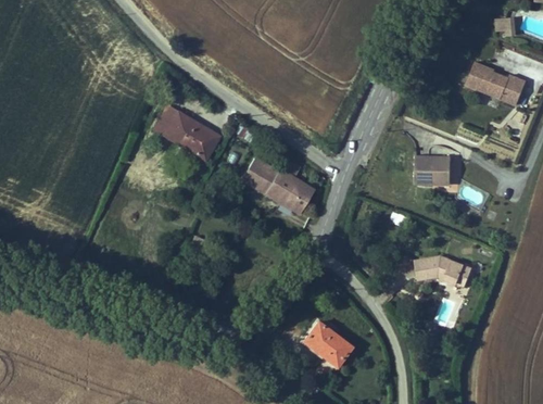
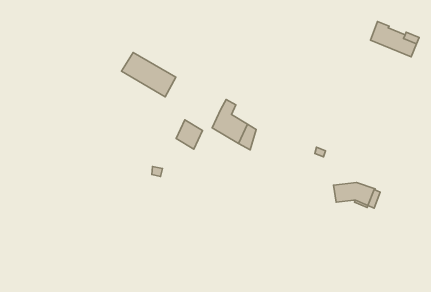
building: [244,156,277,192] -> [176,120,203,149]
building: [415,157,452,187] -> none
building: [302,321,354,370] -> none

